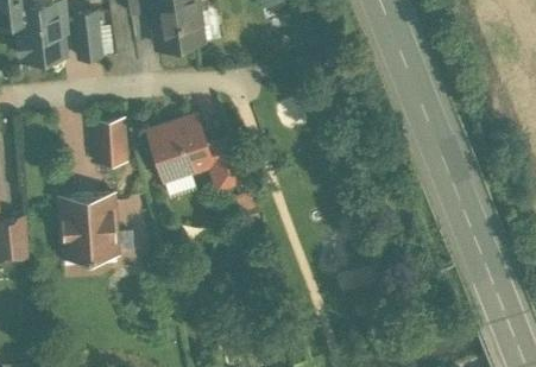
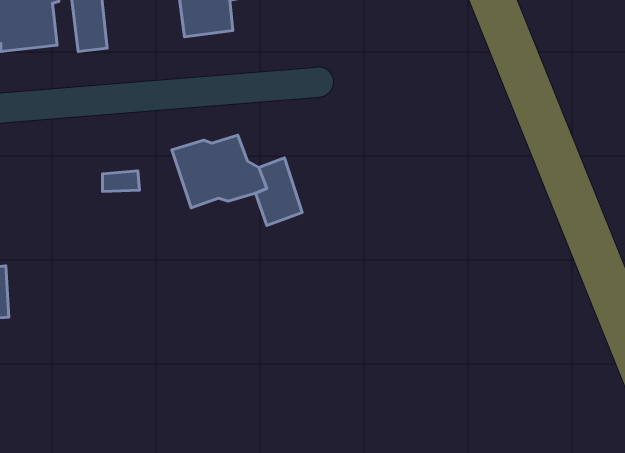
building: [96,119,125,150] -> none
building: [61,194,119,258] -> none

